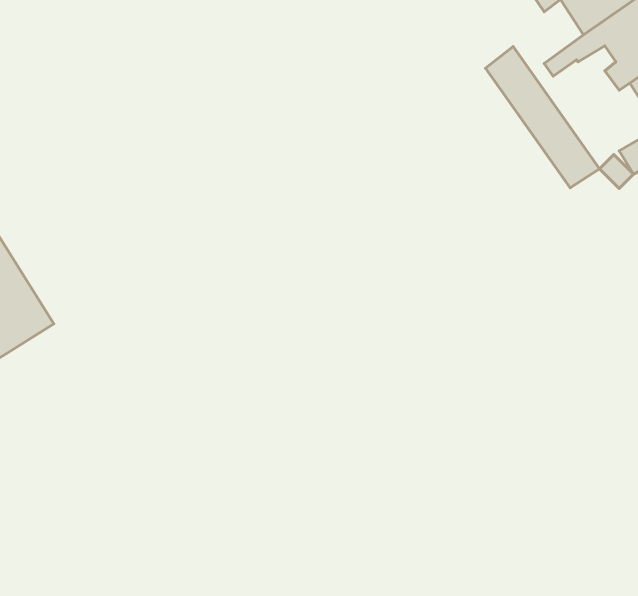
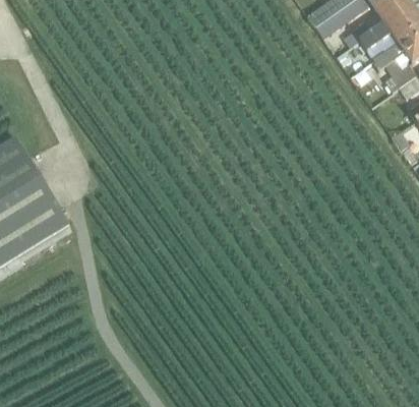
building: [485,46,600,188] -> none

